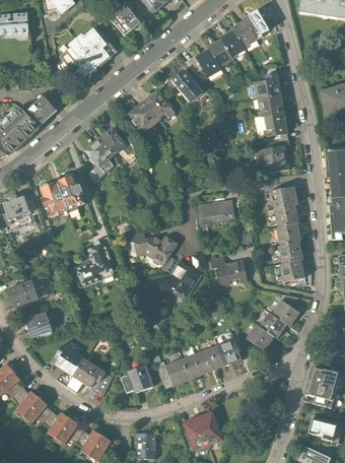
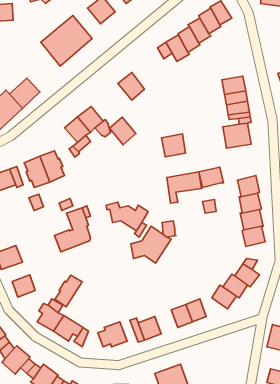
building: [170,70,201,103] -> none
building: [256,72,281,97] -> none
building: [129,102,158,132] -> [109,117,136,145]
building: none -> [161,134,186,157]
building: [271,186,298,208] -> [199,167,224,188]
building: [211,257,247,286] -> none
building: none -> [55,275,82,307]
building: [184,351,209,378] -> none

